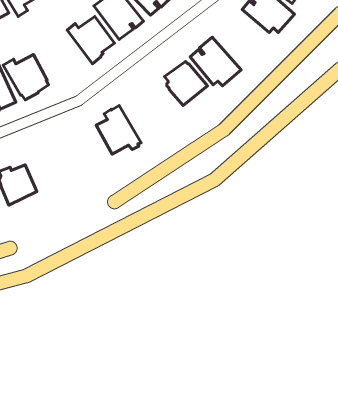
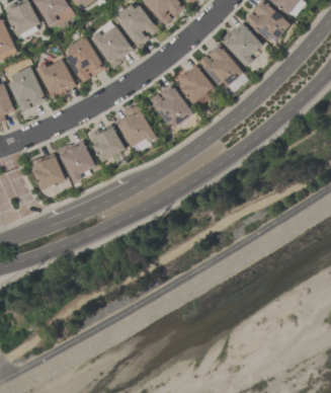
building: none -> [220,22,261,65]
building: none -> [65,35,105,82]
building: none -> [150,83,193,126]
building: none -> [89,126,126,162]
building: none -> [57,139,96,182]

